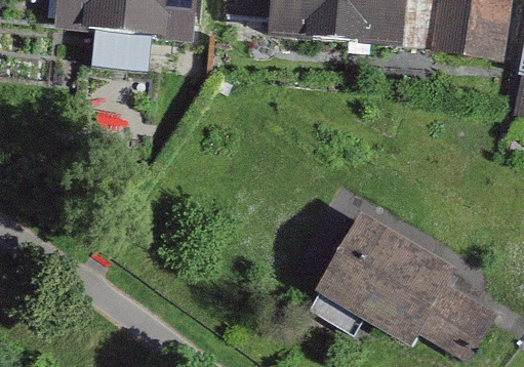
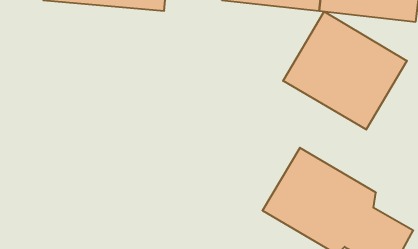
building: none -> [283,12,407,130]

